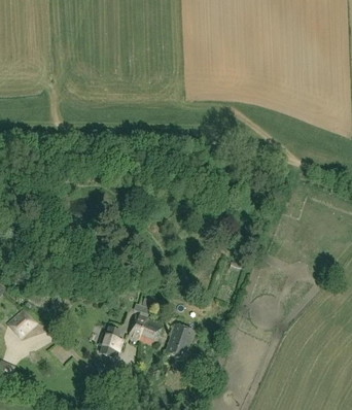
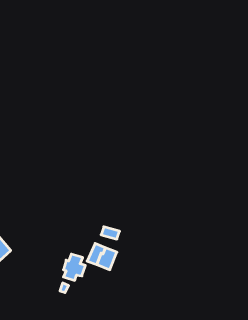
building: [166,326,196,361] -> none

